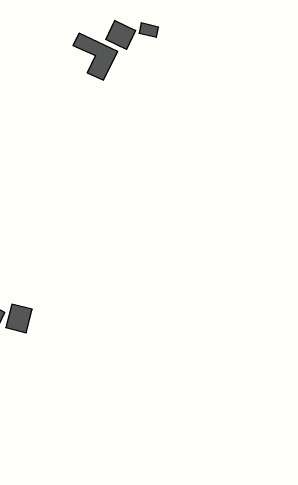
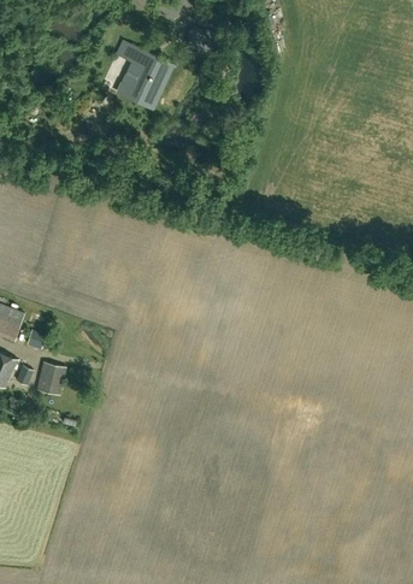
building: [106,20,136,49] -> none

